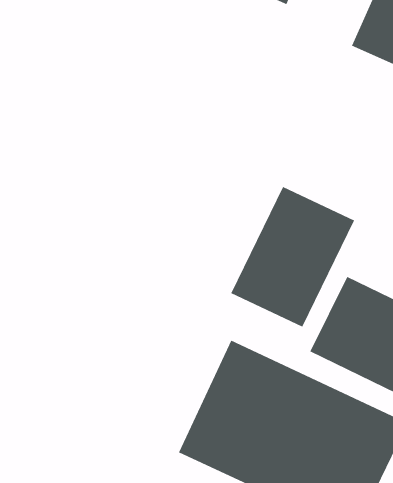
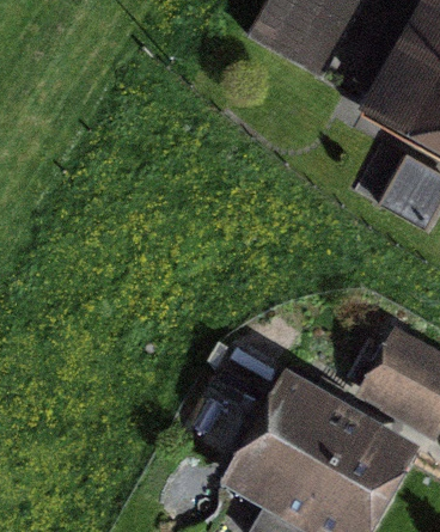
building: [230,186,355,328] -> none

